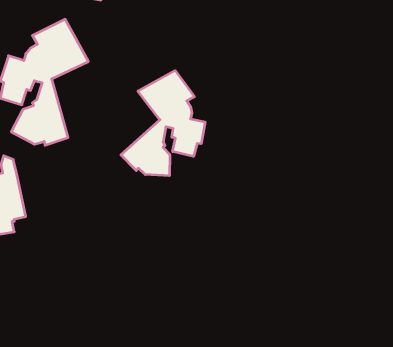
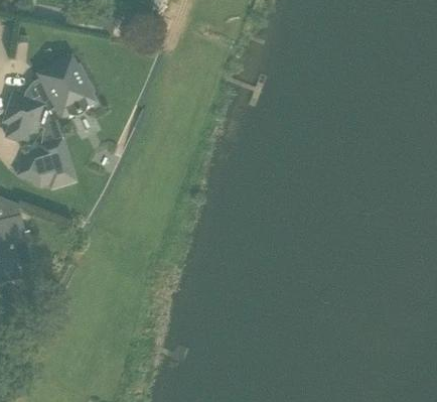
building: [121,71,205,176] -> none

